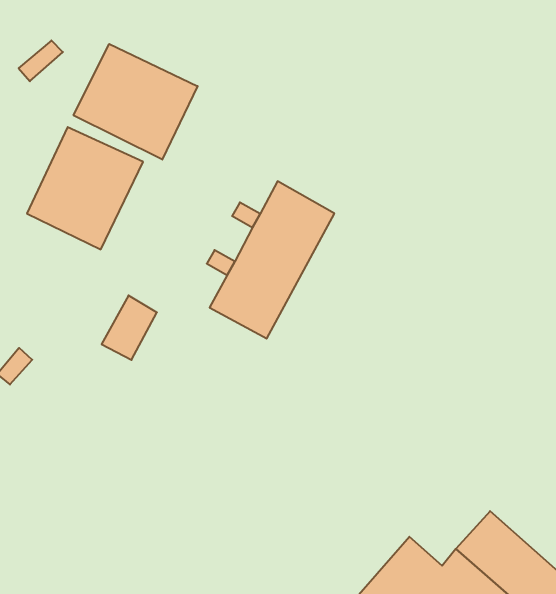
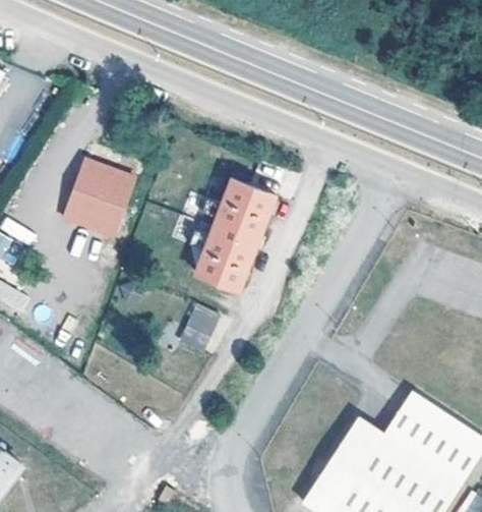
building: [74,44,198,160] -> none
building: [102,295,157,360] -> [183,306,219,351]

